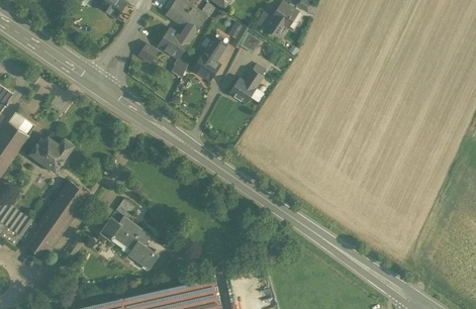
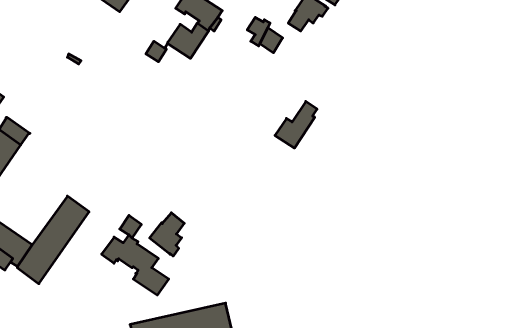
building: [192,34,227,81] -> none
building: [227,63,265,104] -> [275,101,317,148]
building: [29,137,74,173] -> none
building: none -> [150,213,184,256]

